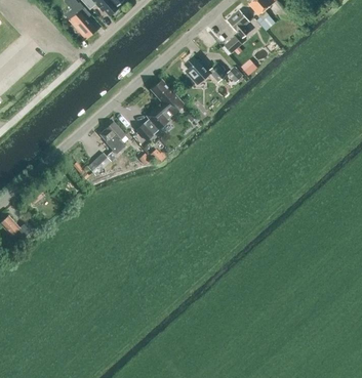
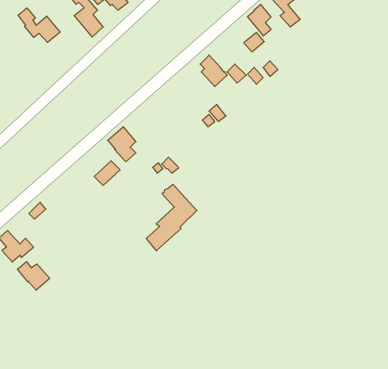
building: none -> [18,8,60,43]
building: [136,80,183,140] -> [146,185,197,251]
building: none -> [17,262,50,290]

